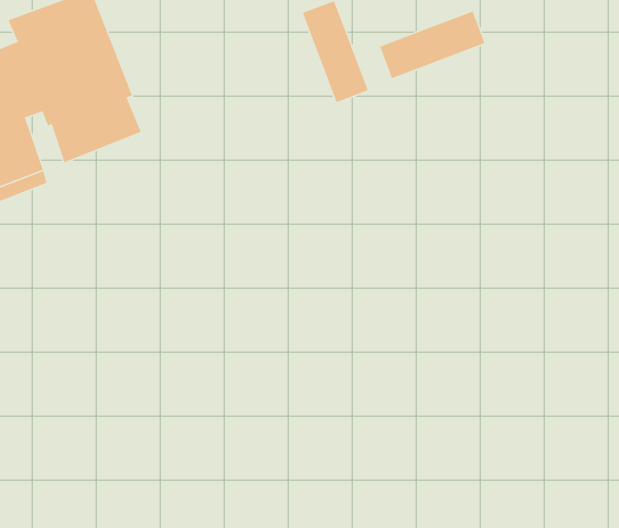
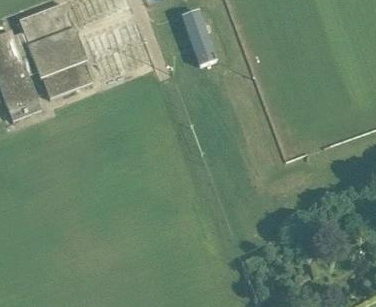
building: [379,11,485,79] -> none

